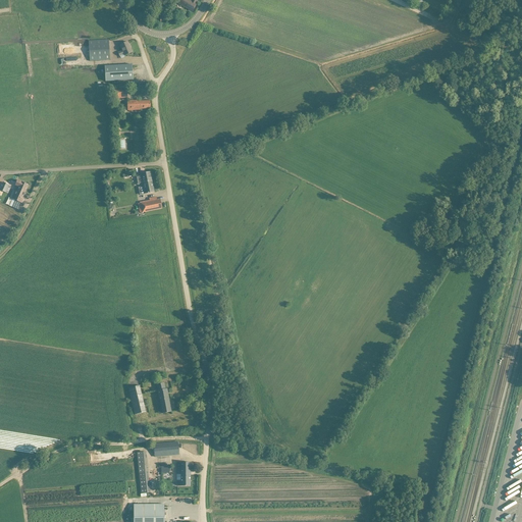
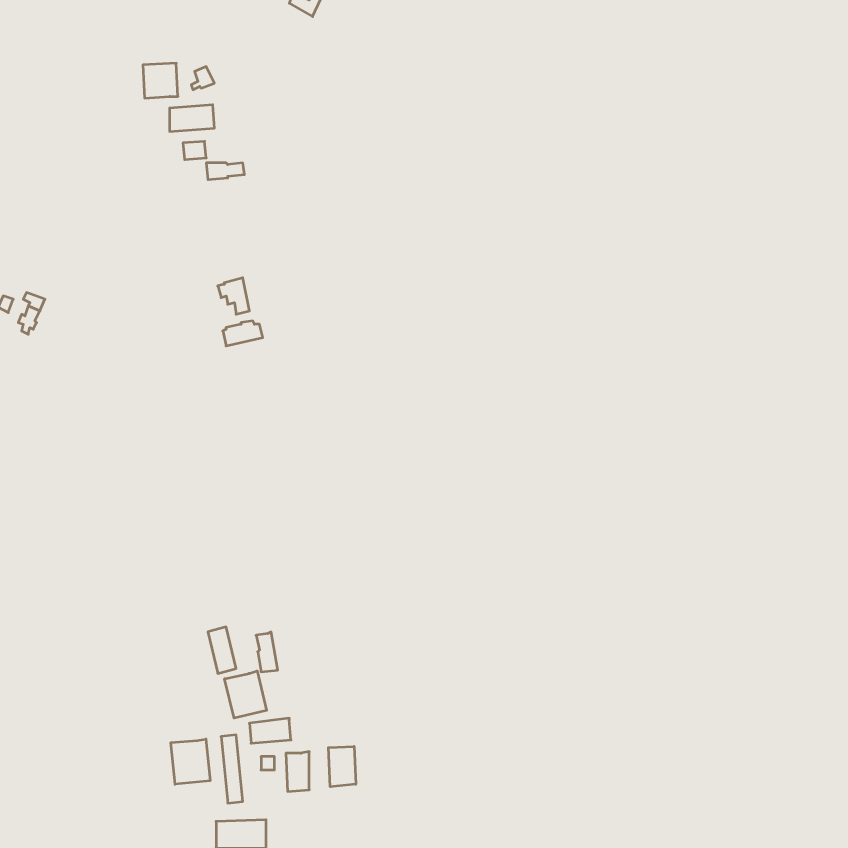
building: none -> [225,671,267,718]
building: none -> [171,739,210,784]
building: none -> [328,746,356,787]

